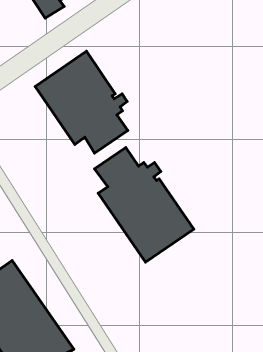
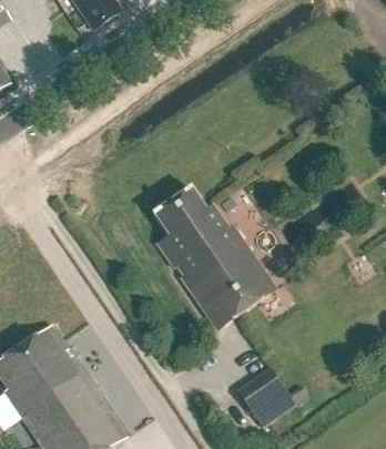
building: [35,51,128,153] -> none
building: none -> [237,365,297,426]

